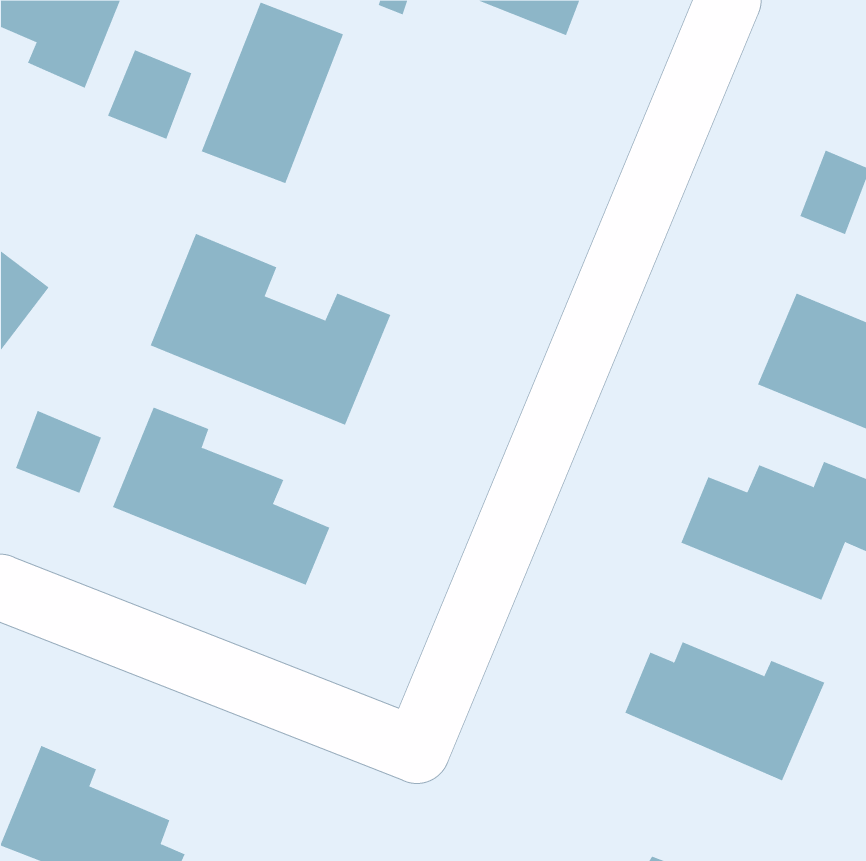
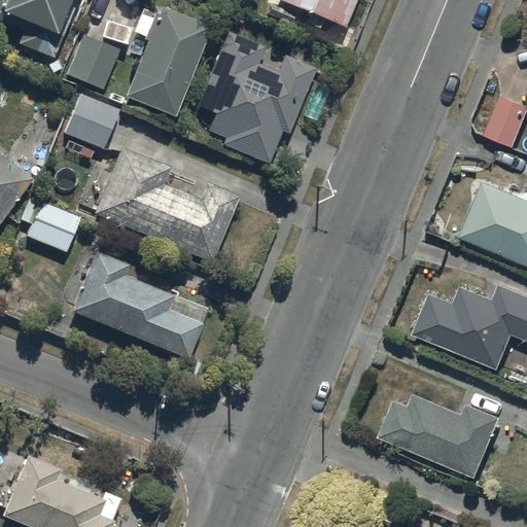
building: none -> [198,32,315,165]
building: none -> [65,95,119,149]
building: [15,410,102,494] -> [27,202,79,252]

